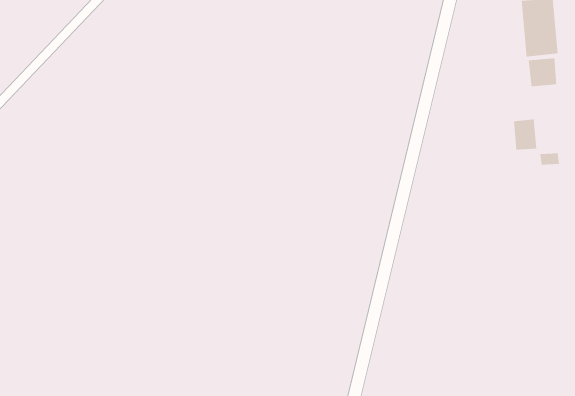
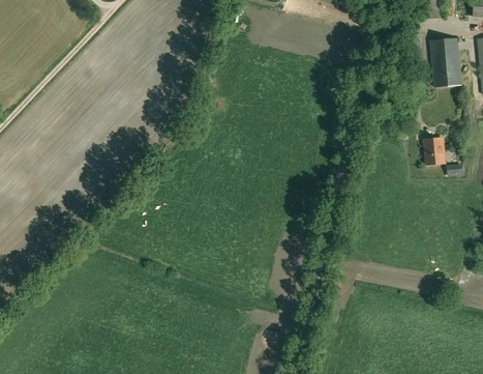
building: [528,58,557,87] -> none

